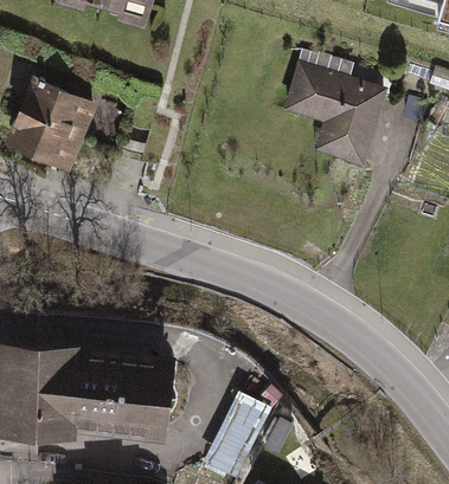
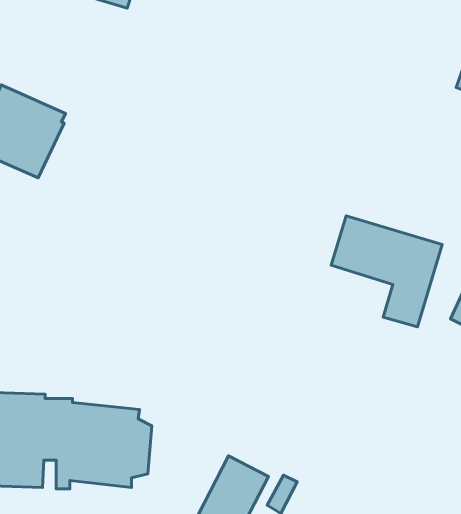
building: [287,65,383,161] -> [331,216,442,327]

